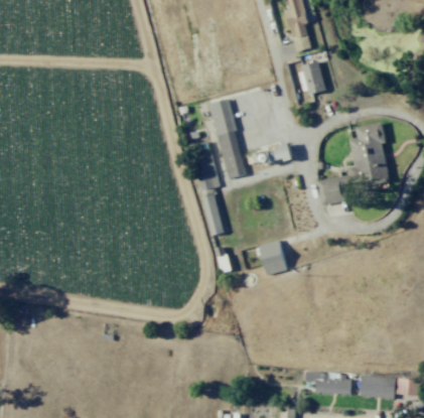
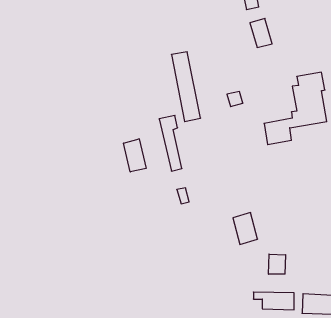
building: none -> [124,139,146,172]
building: [258,240,286,276] -> [233,213,258,244]
building: none -> [269,254,286,274]

